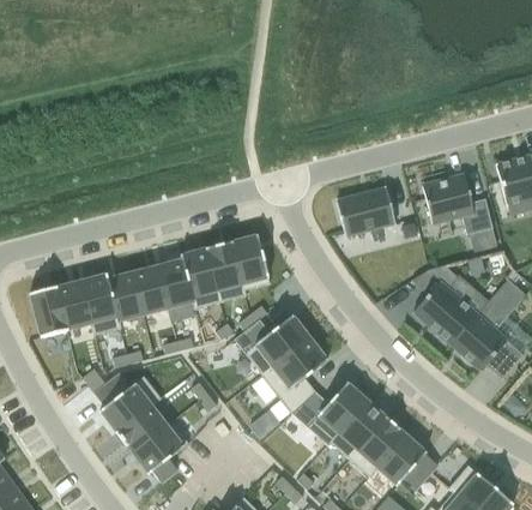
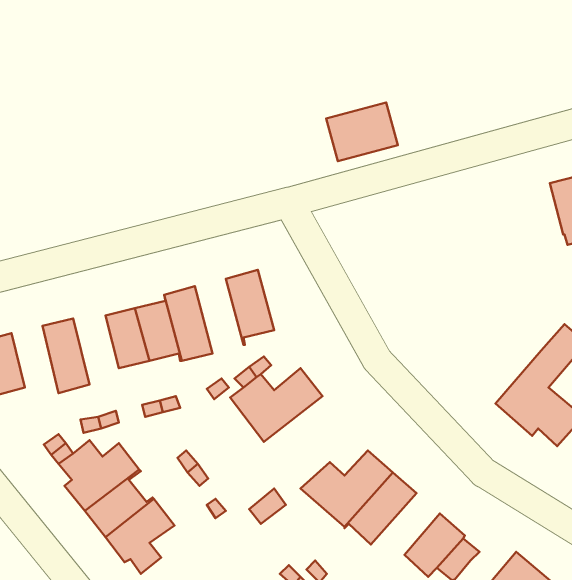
building: [423,174,492,234] -> none
building: [337,187,395,235] -> [326,102,398,161]
building: [206,241,246,302] -> none
building: [412,264,489,343] -> none
building: [107,271,144,328] -> none
building: [56,280,95,335] -> none
building: [262,337,328,413] -> none
building: [350,416,406,475] -> none

